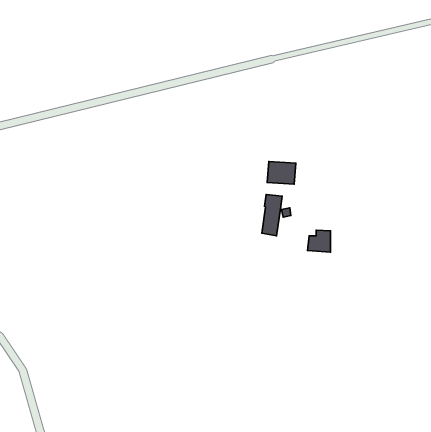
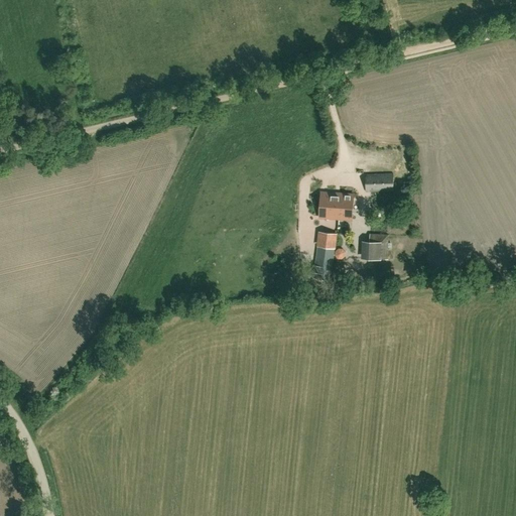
building: none -> [365,173,393,191]
building: [308,230,330,252] -> [360,234,387,260]

